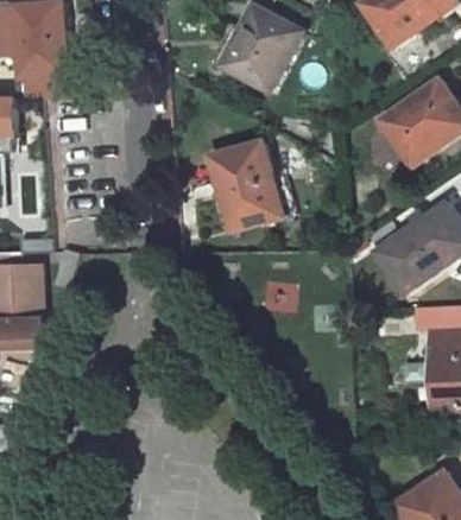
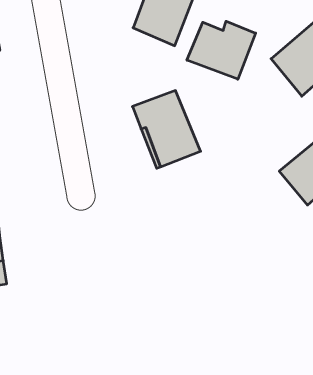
building: none -> [187,21,256,79]

